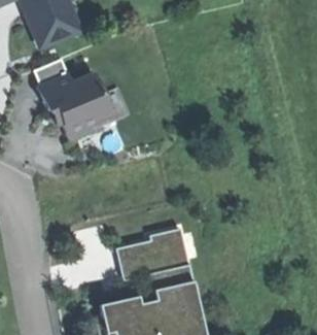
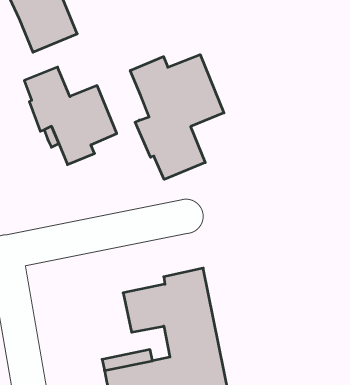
building: none -> [130,55,224,179]

